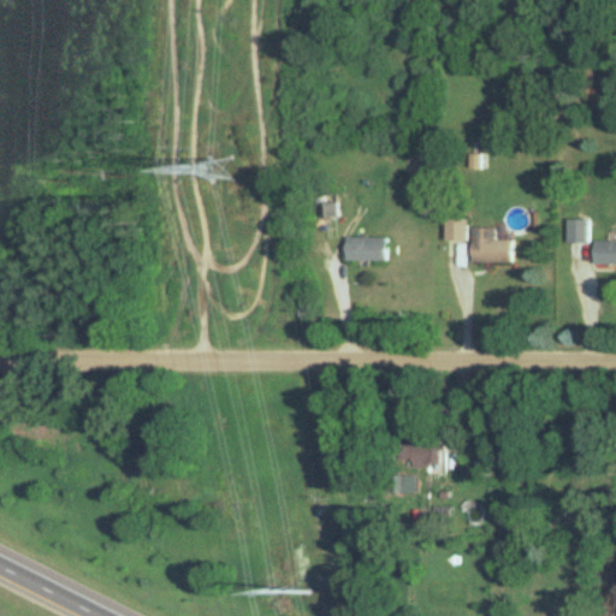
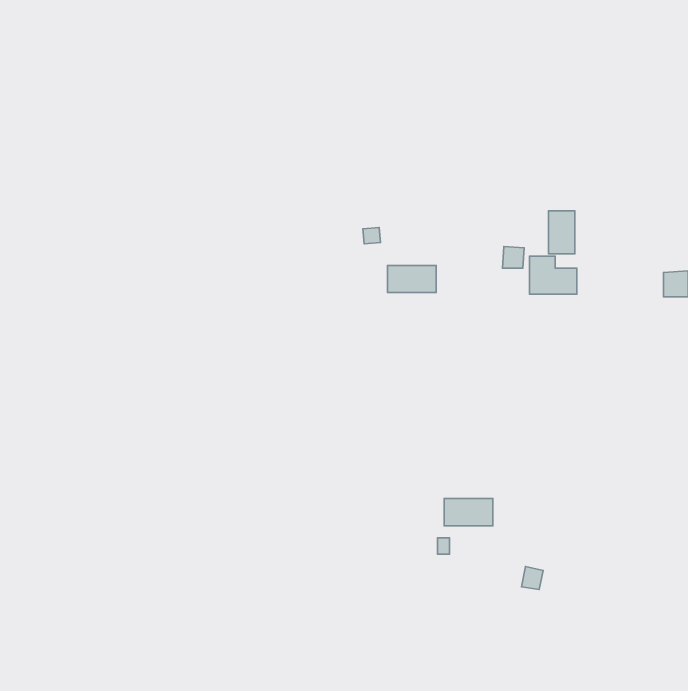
building: none -> [548,211,575,254]
building: [565,219,588,242] -> none

